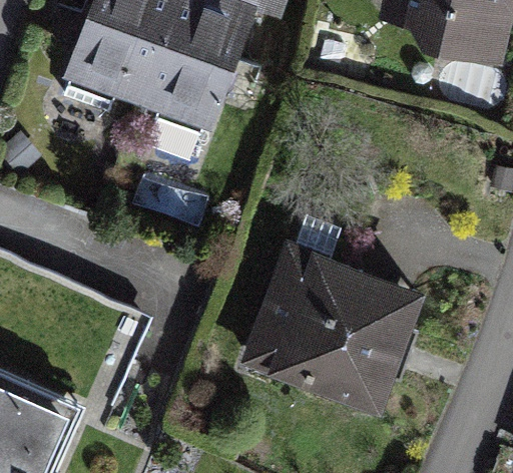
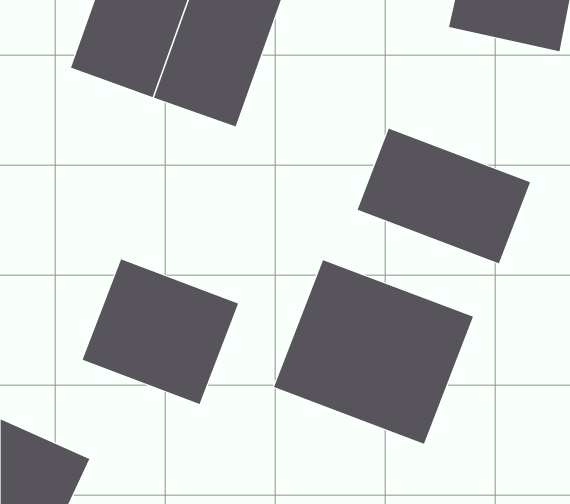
building: none -> [357,128,531,264]
building: none -> [82,259,239,405]

